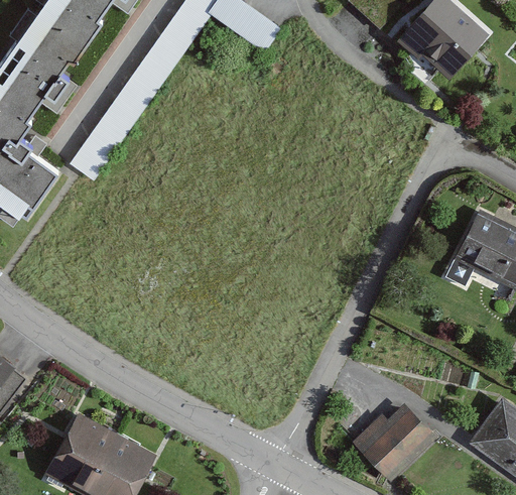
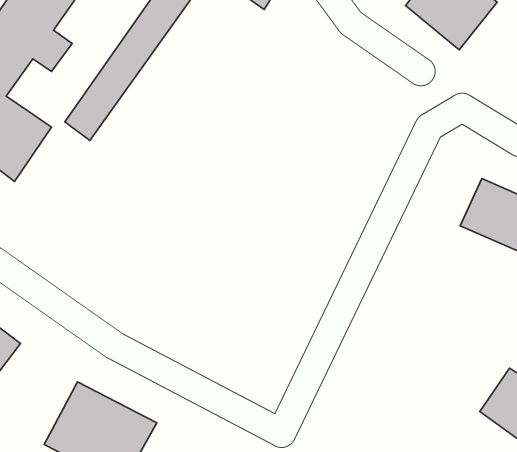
building: [354,404,436,479] -> none

